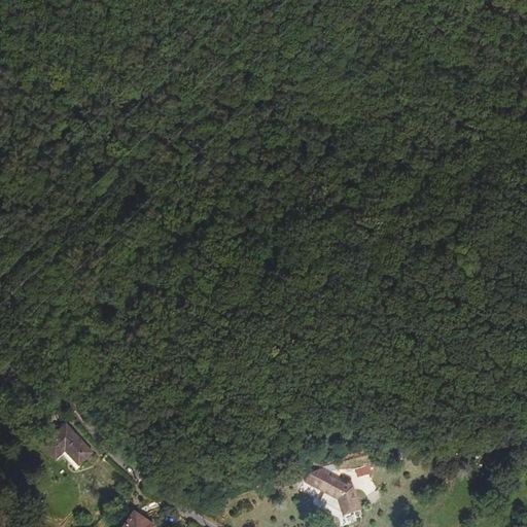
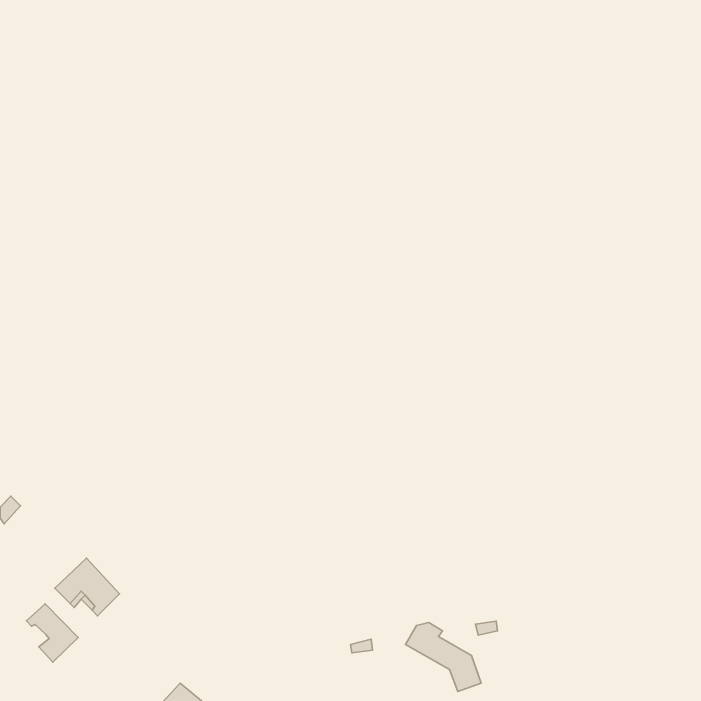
building: none -> [26,604,78,662]

